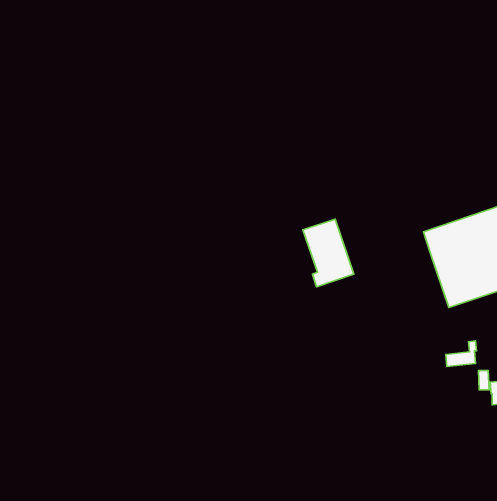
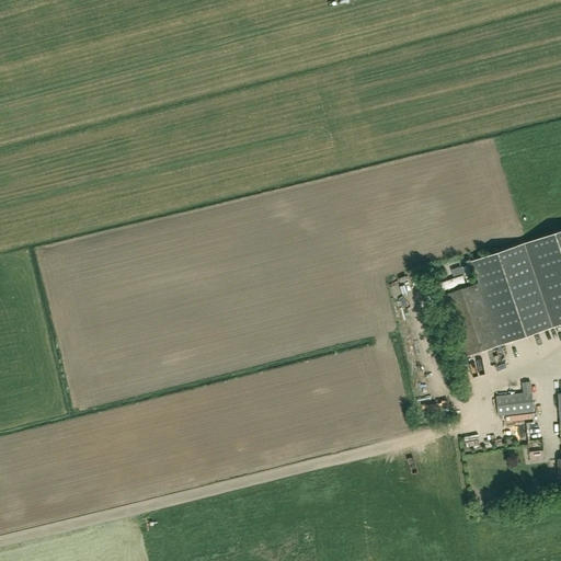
building: [303,219,354,287] -> [449,282,506,357]

